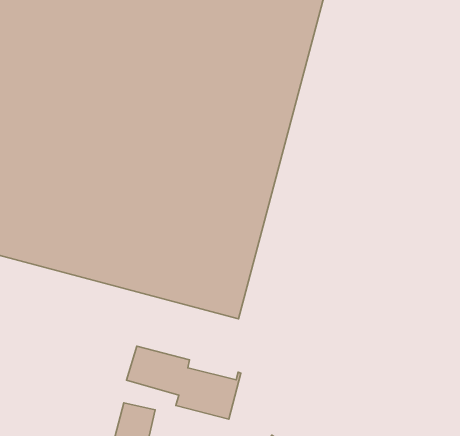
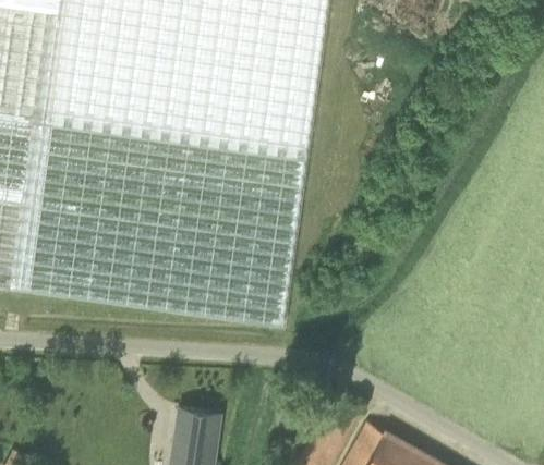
building: [126,346,241,419] -> none

